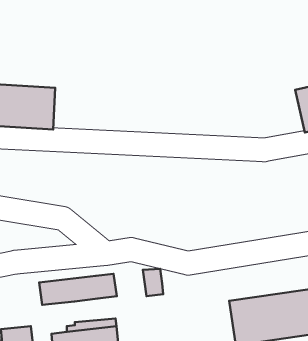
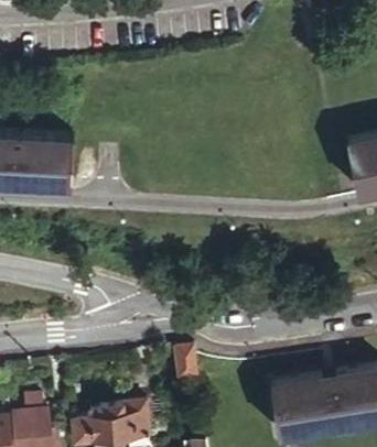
building: [39,274,117,305] -> none

